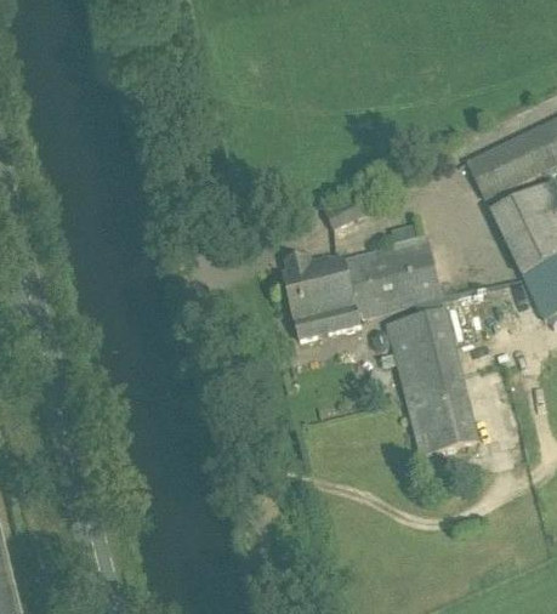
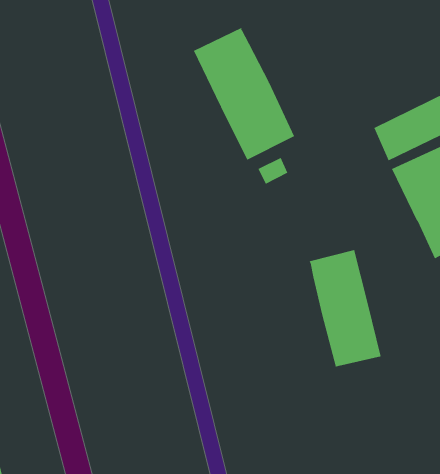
building: none -> [193,27,295,161]
building: [282,234,441,340] -> none

